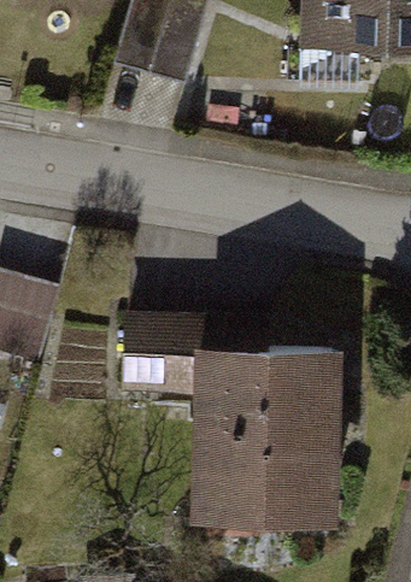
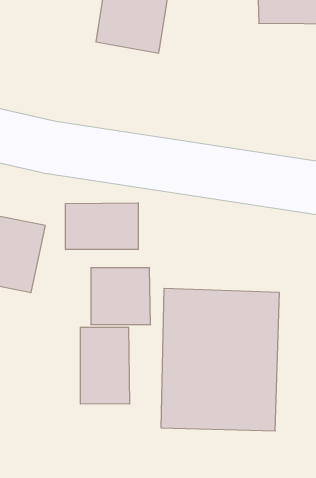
building: none -> [66,203,138,250]
building: none -> [80,327,129,404]

